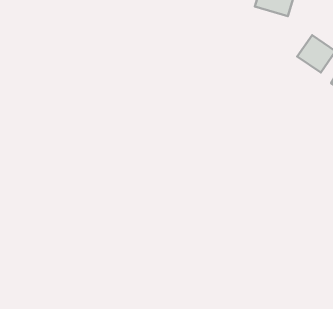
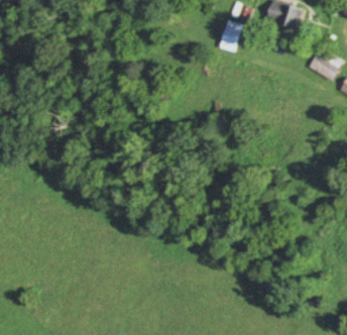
building: none -> [219,20,242,53]

